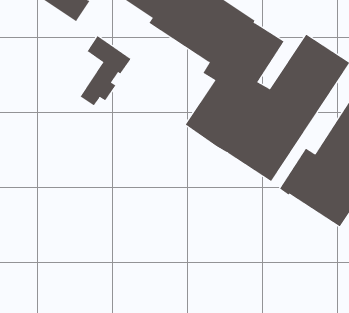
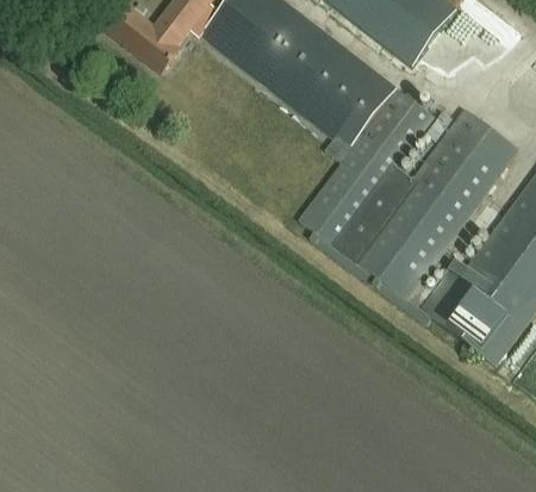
building: [80,35,131,106] -> none

